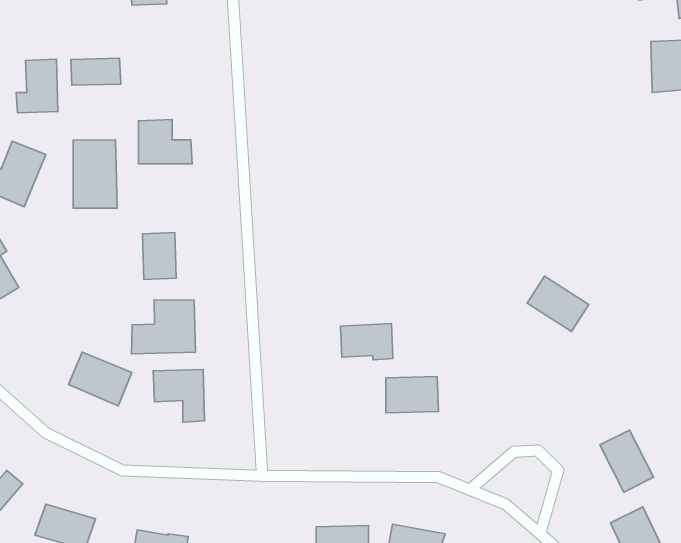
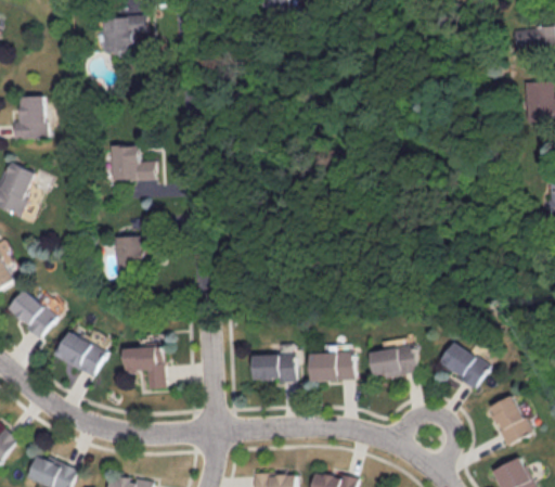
building: [71,58,121,85] -> none
building: [73,140,117,208] -> none
building: [527,276,589,331] -> [435,342,485,386]
building: none -> [8,290,57,336]
building: [131,300,196,354] -> none
building: [341,323,393,360] -> [254,353,296,382]
building: none -> [369,345,414,377]

